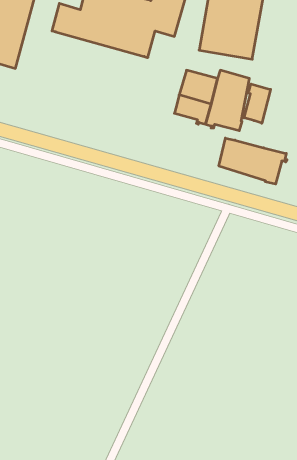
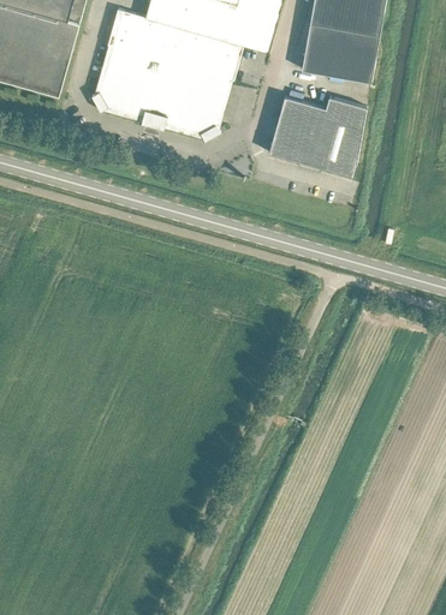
building: none -> [93,46,230,141]
building: [244,84,271,123] -> none
building: [219,138,287,184] -> none

